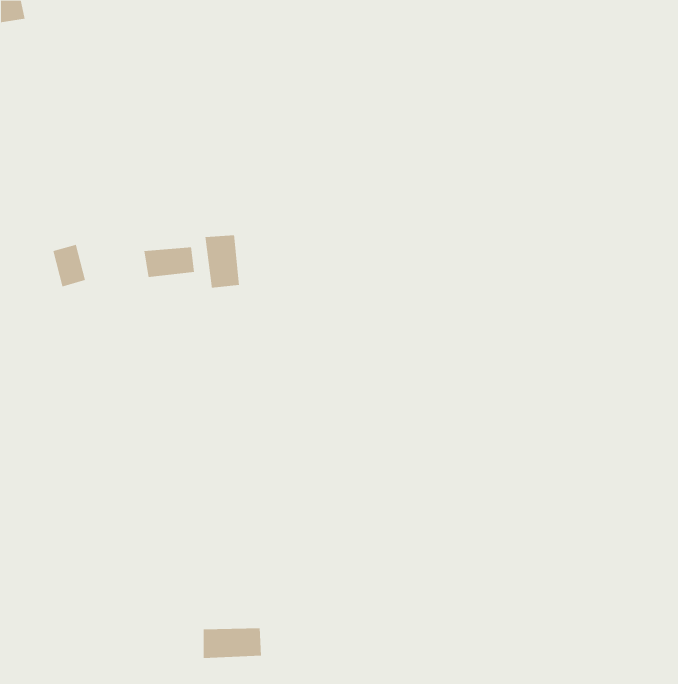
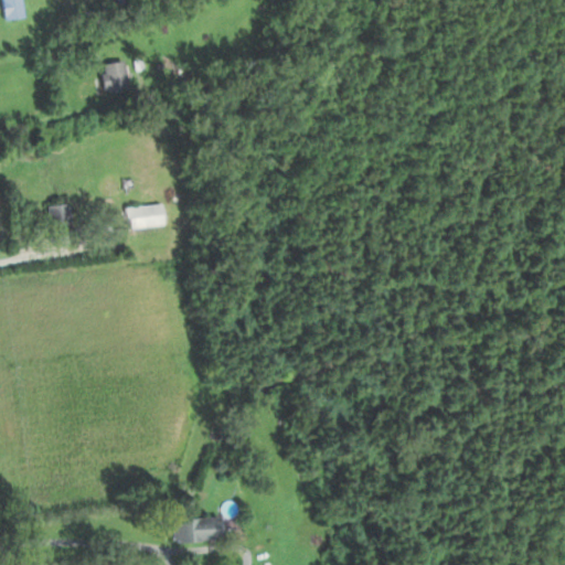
building: none -> [100,61,127,92]
building: [205,235,239,289] -> none

